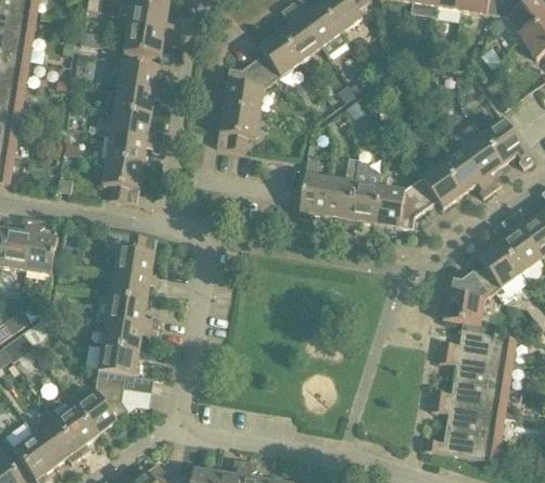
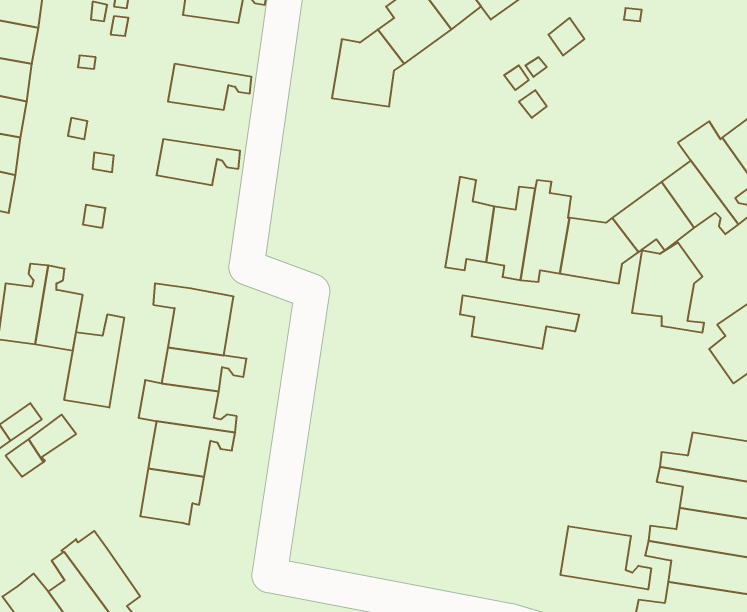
building: [118,60,172,93] -> none
building: [216,107,261,152] -> none
building: [111,110,164,142] -> none
building: [102,158,143,204] -> none
building: none -> [460,295,579,349]
building: none -> [64,314,124,408]
building: [442,274,490,333] -> [632,242,704,333]
building: [74,384,129,437] -> none
building: none -> [561,526,651,590]

